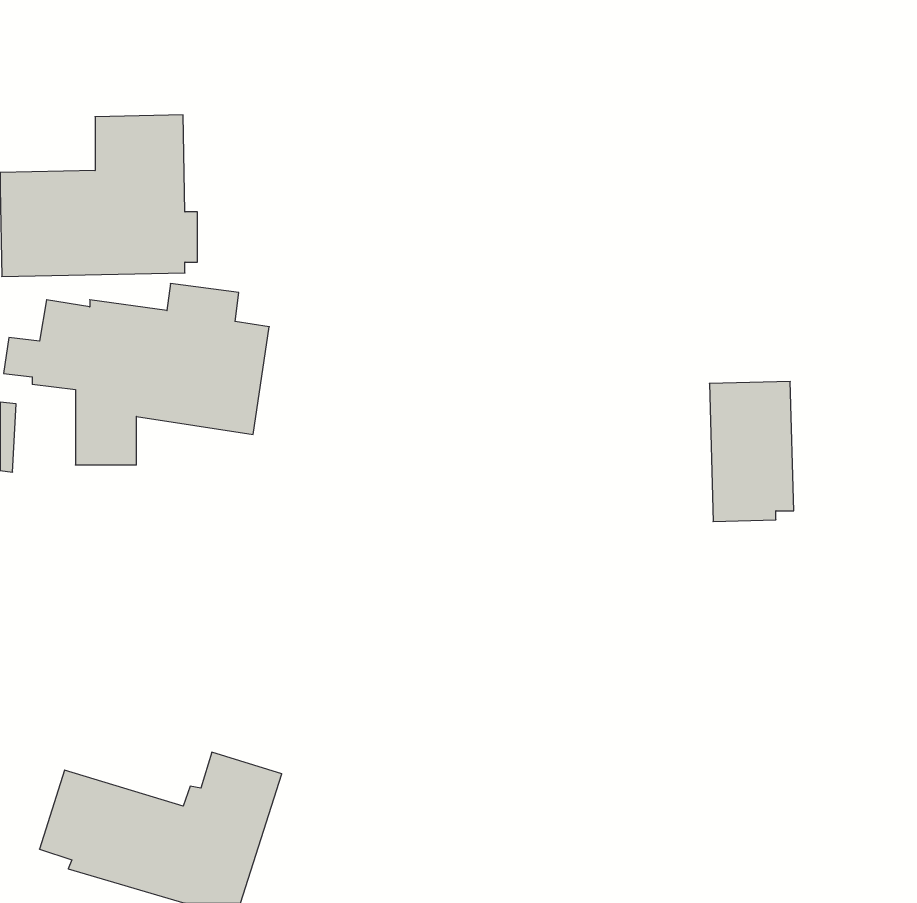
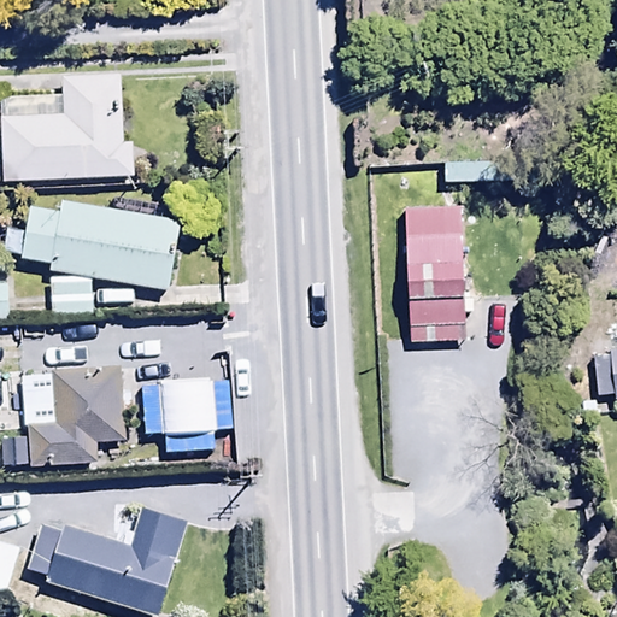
building: [709,382,794,522] -> [406,235,463,329]
building: none -> [27,363,122,468]

